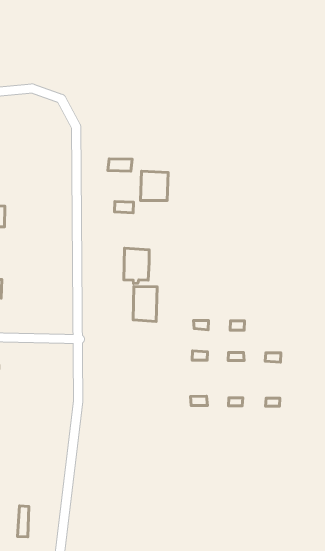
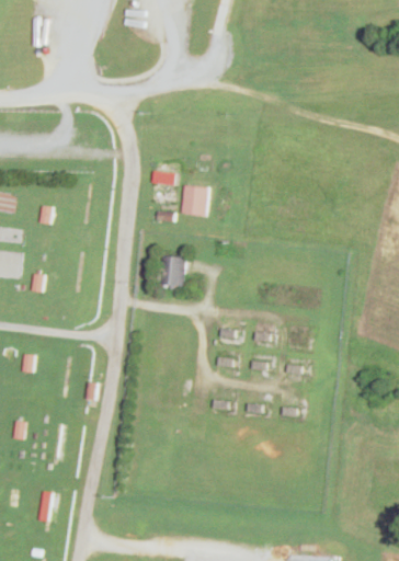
building: [133,287,157,322] -> none

